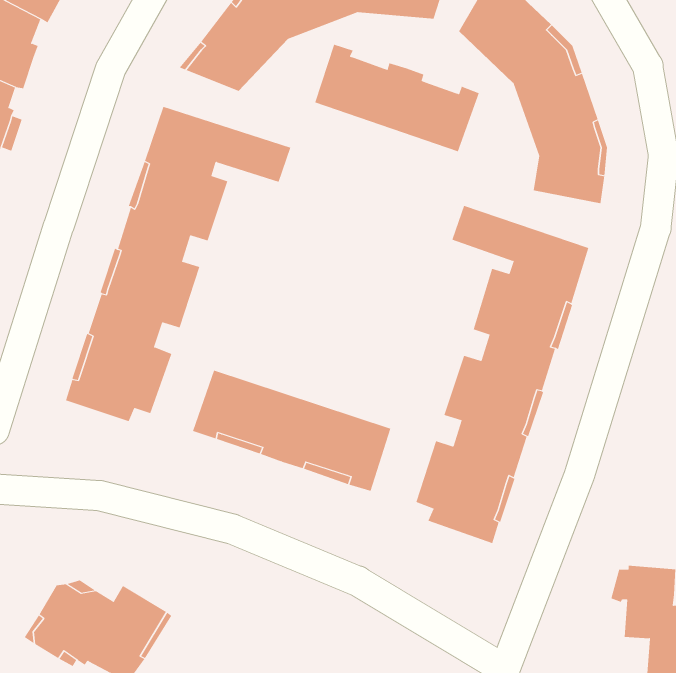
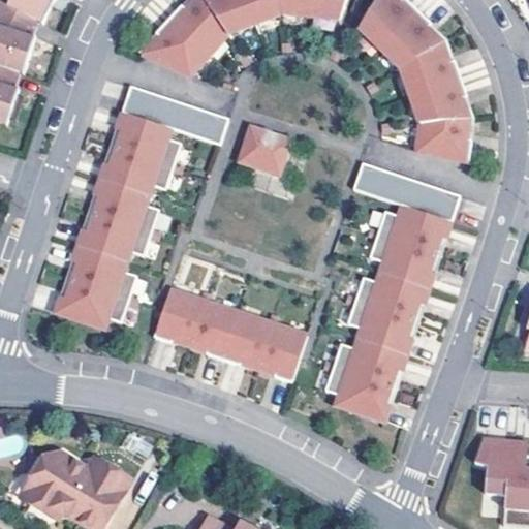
building: [314,44,479,152] -> none
building: none -> [239,126,287,173]

